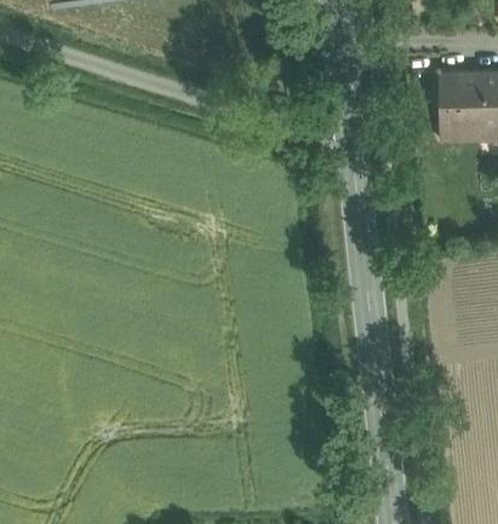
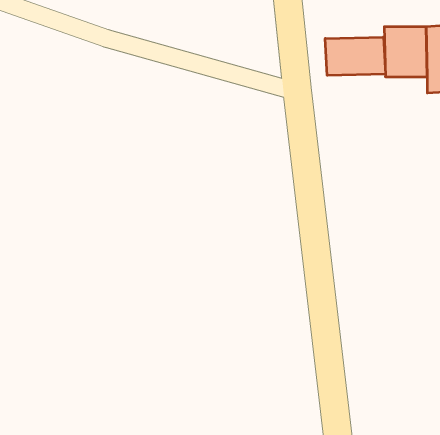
building: none -> [325,37,385,75]

